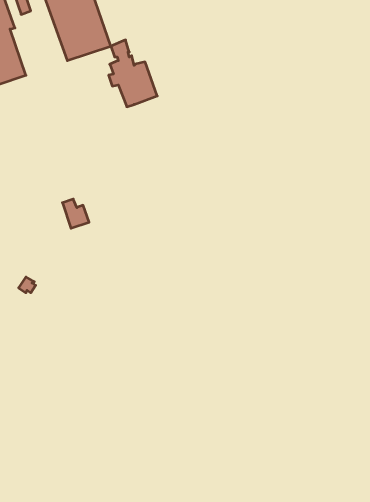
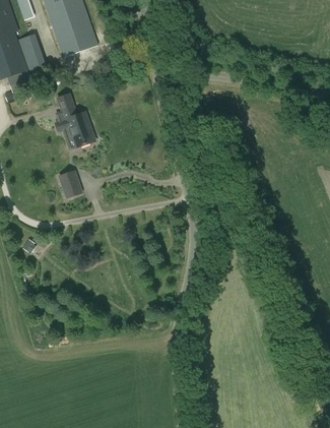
building: none -> [17,30,46,68]
building: [109,40,157,107] -> [55,93,95,148]

